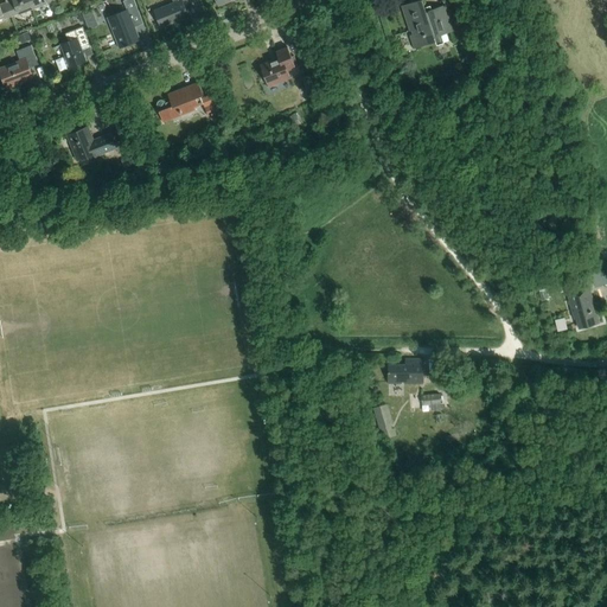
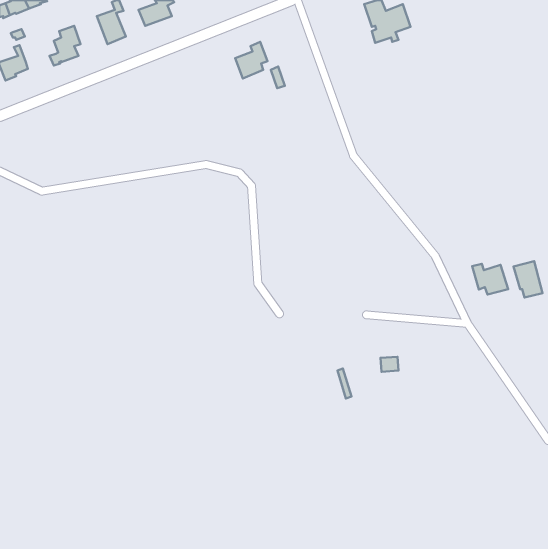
building: [155,82,217,122] -> none
building: [66,126,122,160] -> none
building: none -> [472,264,508,295]
building: [388,359,423,383] -> none

